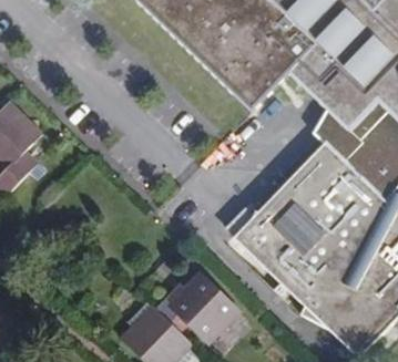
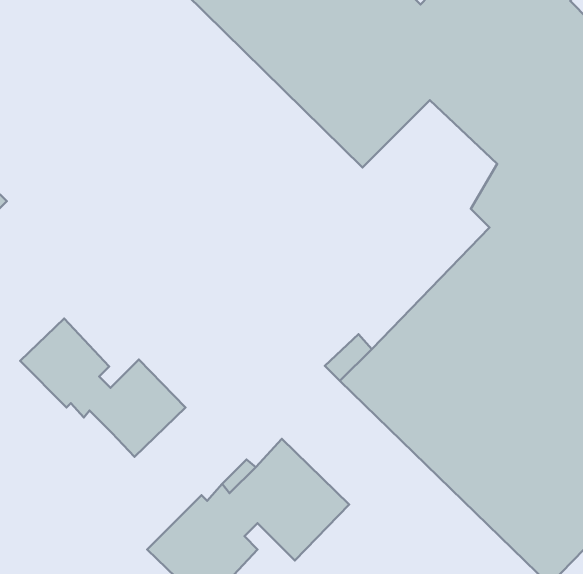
building: none -> [20,319,185,457]

